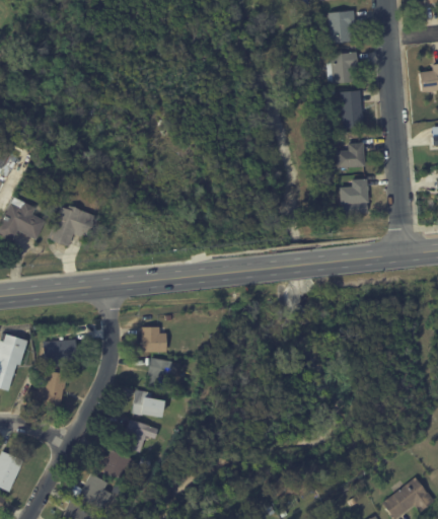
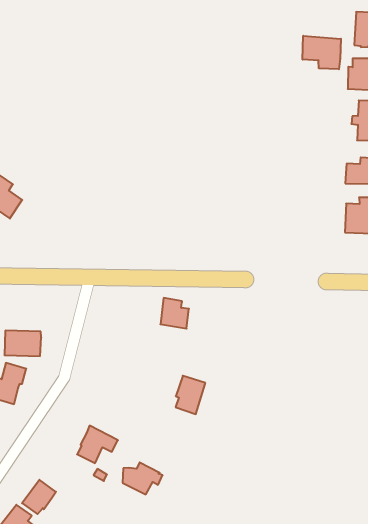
building: none -> [303,36,341,69]
building: [48,207,95,248] -> none
building: [142,326,166,352] -> [160,298,189,329]
building: [147,358,172,391] -> [176,376,205,414]
building: [132,389,164,417] -> none
building: [97,450,134,478] -> [123,462,163,494]

